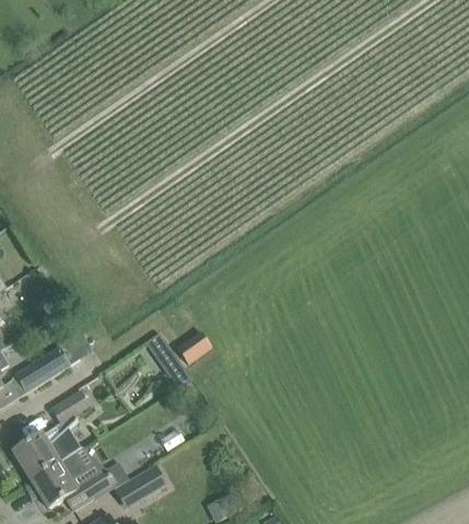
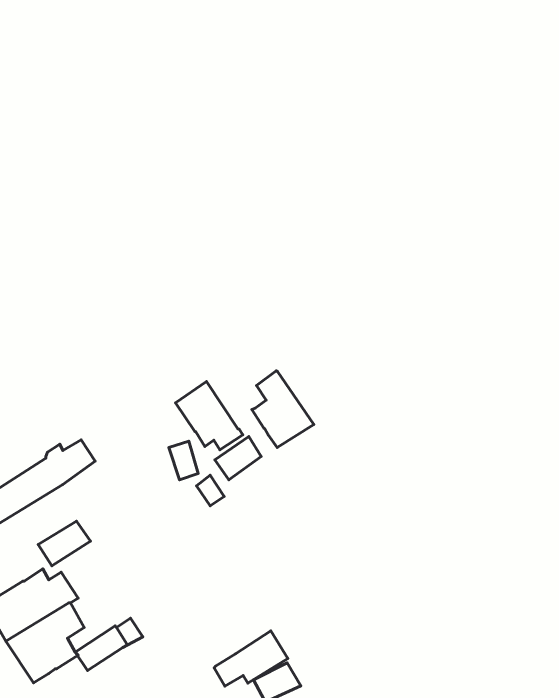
building: none -> [252,371,314,448]
building: none -> [176,381,243,450]
building: [115,463,167,502] -> [214,631,288,686]

